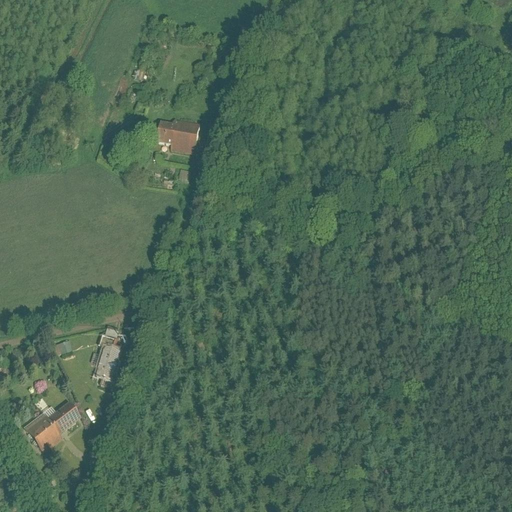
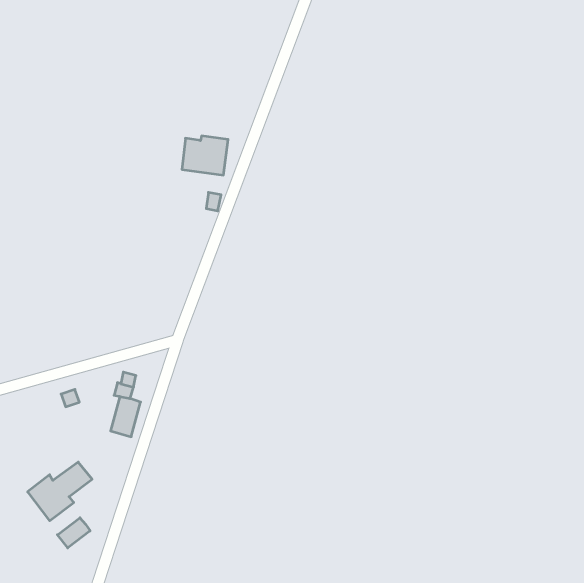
building: none -> [57,518,90,548]

